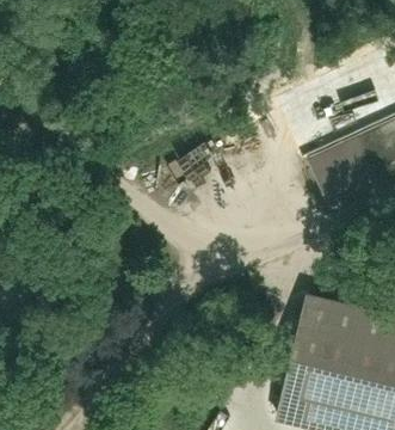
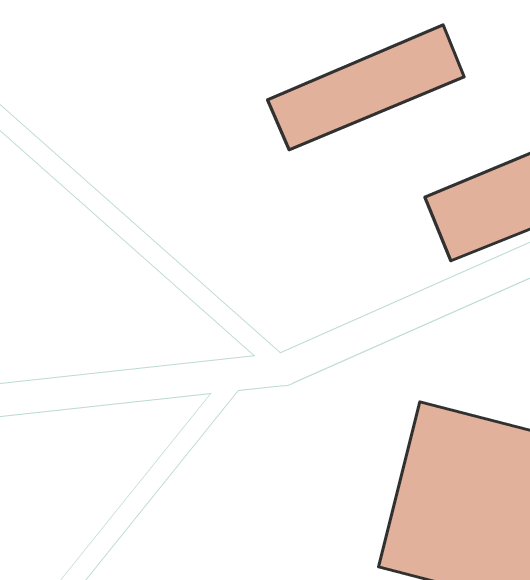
building: none -> [268,25,464,150]

